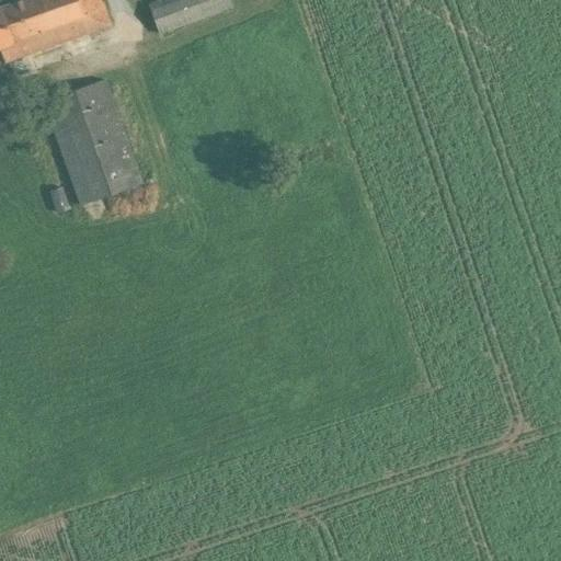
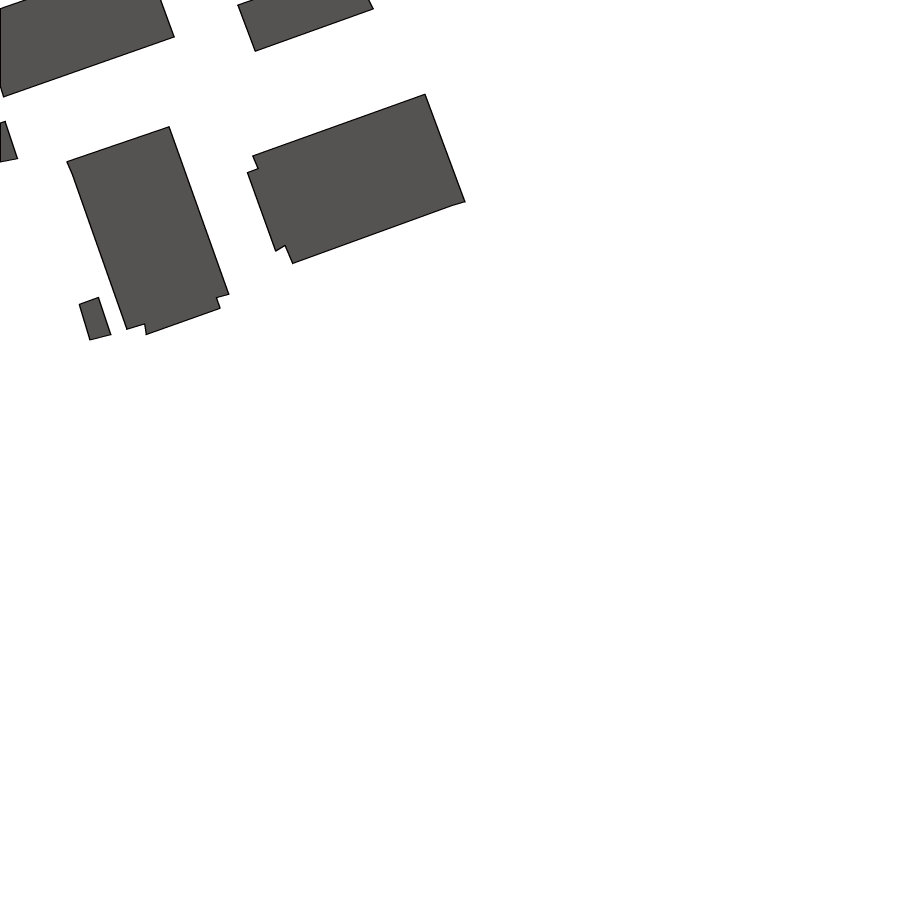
building: none -> [247,94,465,264]

